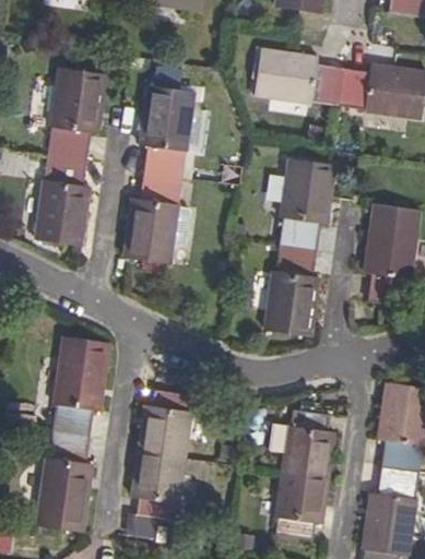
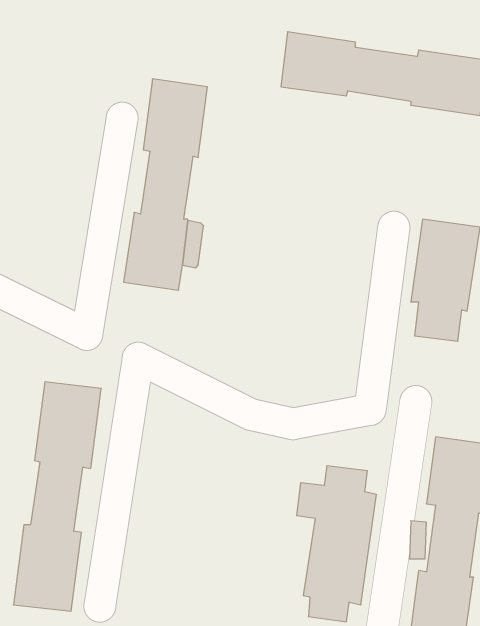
building: [34,68,103,243] -> none
building: [265,160,335,335] -> none
building: [132,389,190,519] -> none

